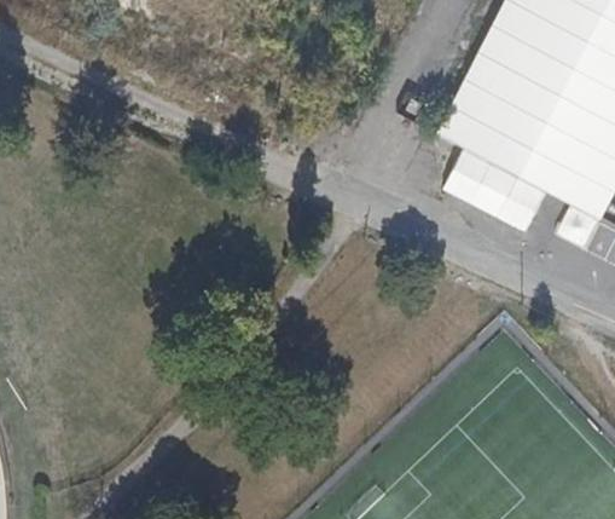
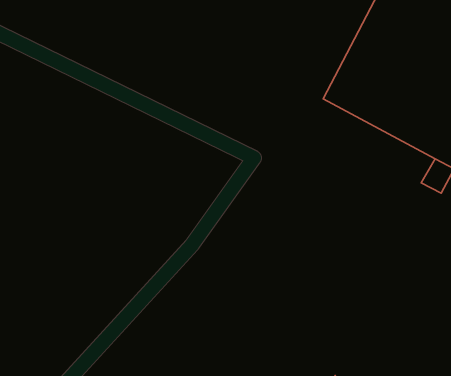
building: [448,151,547,231] -> none

